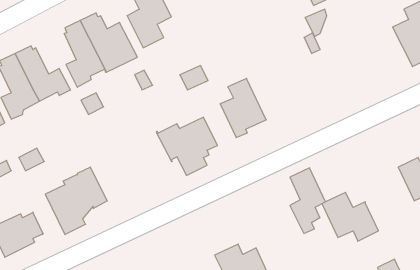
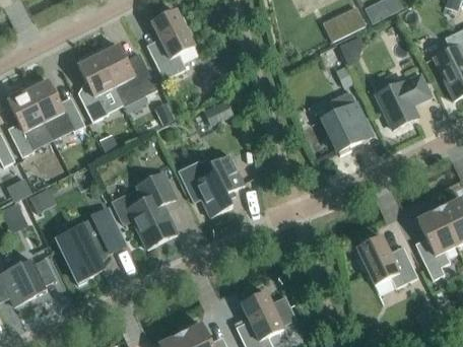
building: none -> [372,72,431,129]
building: [220,78,266,138] -> [322,90,372,154]
building: none -> [114,172,177,248]
building: [290,168,326,234] -> [417,208,456,279]

